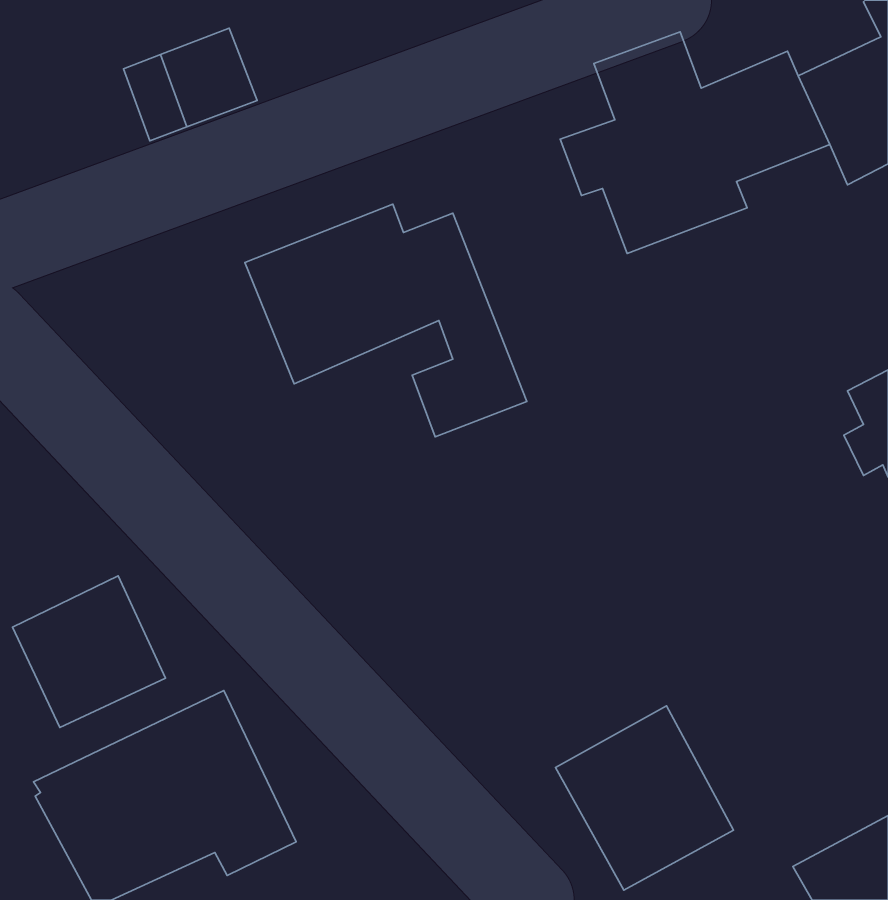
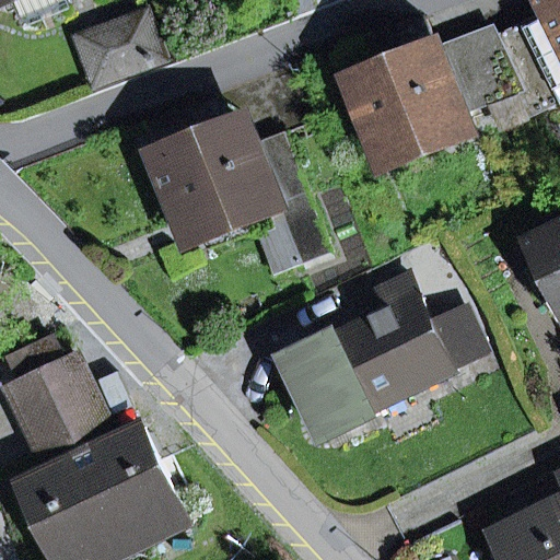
building: none -> [283,276,482,440]
building: [556,706,734,890] -> none

